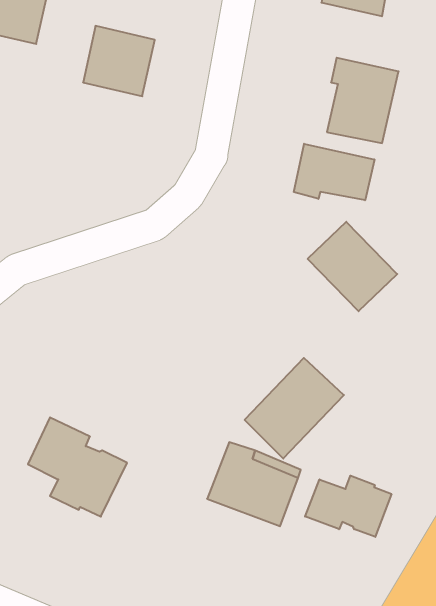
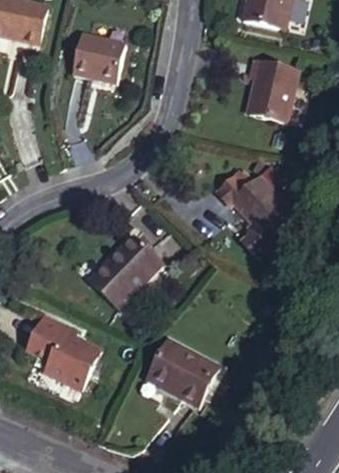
building: [294,144,374,200] -> none
building: [245,358,344,459] -> [94,237,166,310]
building: [305,476,391,537] -> none

